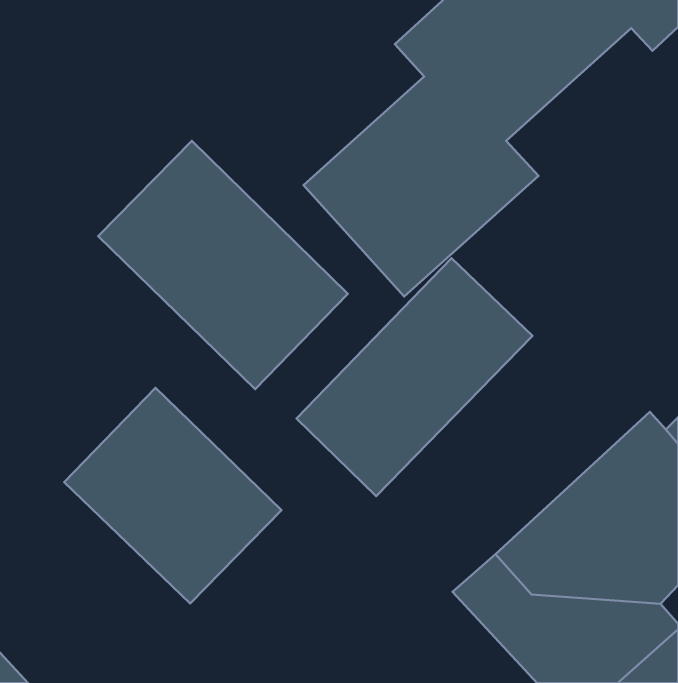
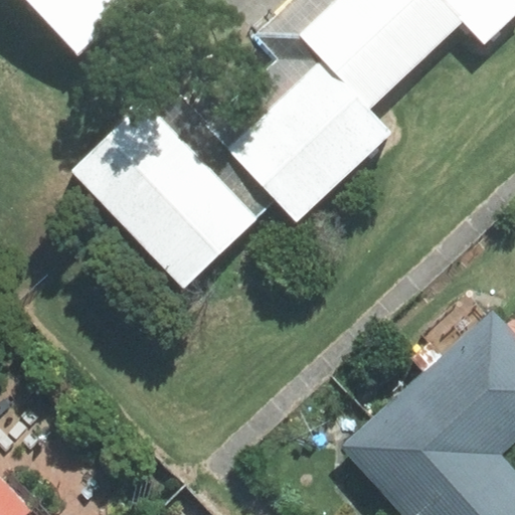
building: [297,258,532,496] -> none
building: [64,388,281,604] -> none

